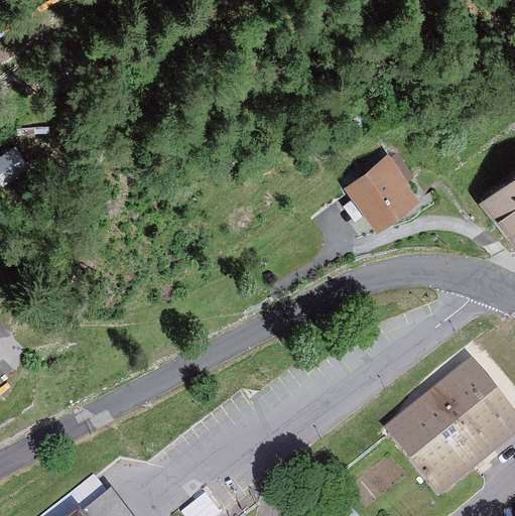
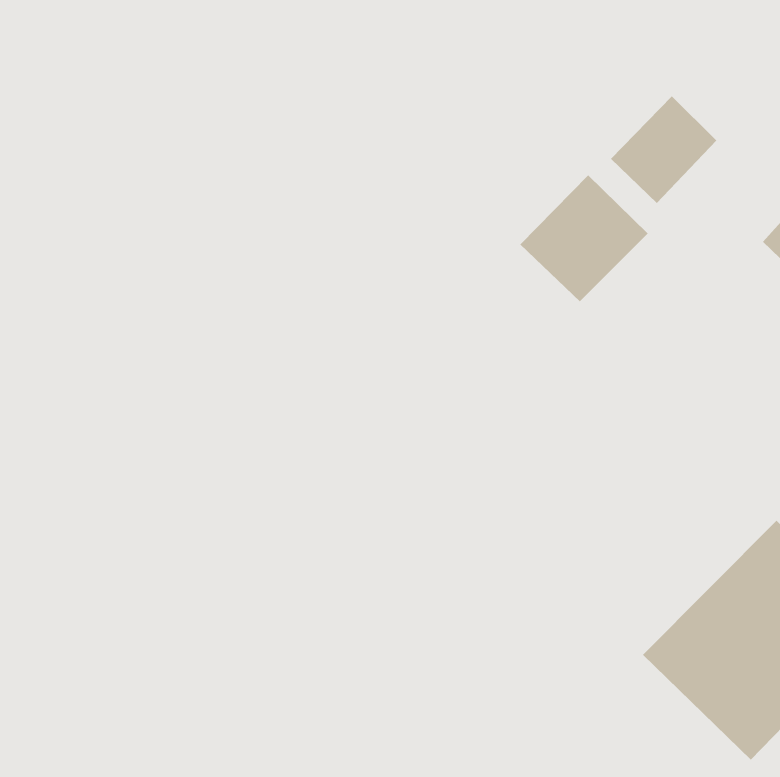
building: none -> [610,95,717,204]

